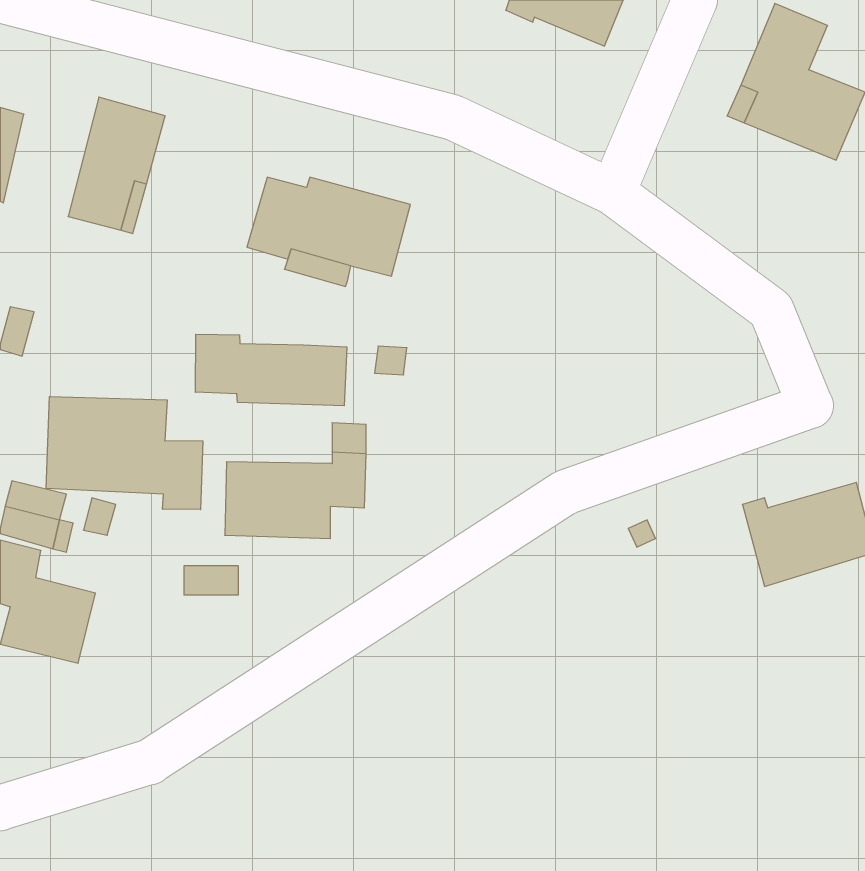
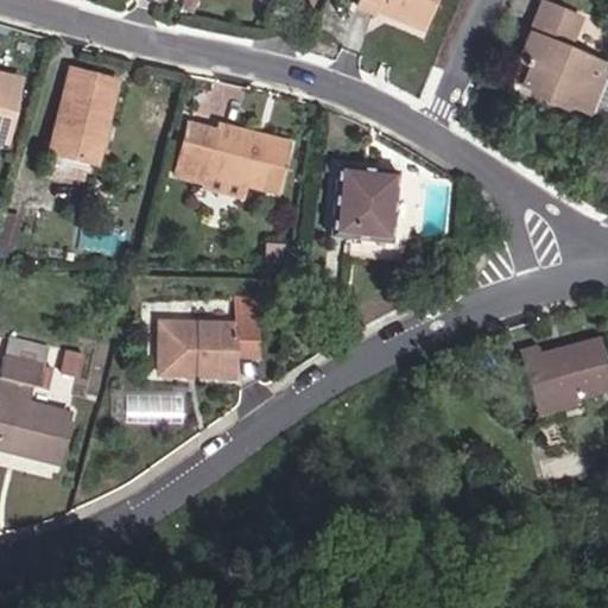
building: none -> [332,166,394,236]
building: [195,334,347,406] -> none
building: [46,396,203,510] -> none

